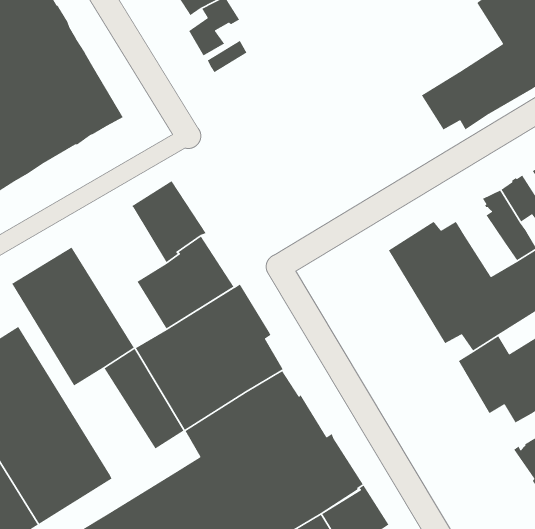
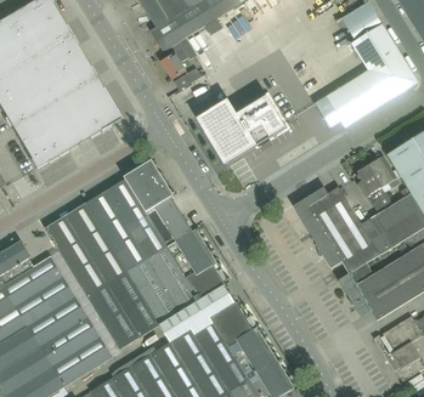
building: none -> [196,96,286,164]
building: none -> [85,178,147,271]
building: none -> [86,284,140,350]

